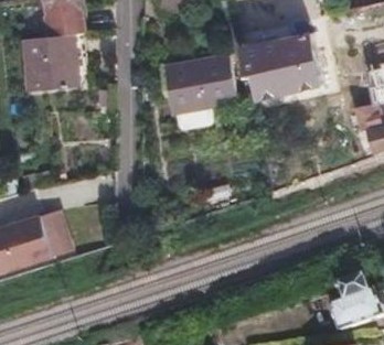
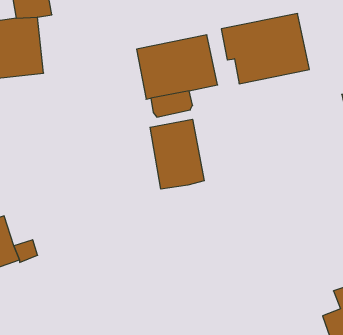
building: none -> [150,119,204,189]

